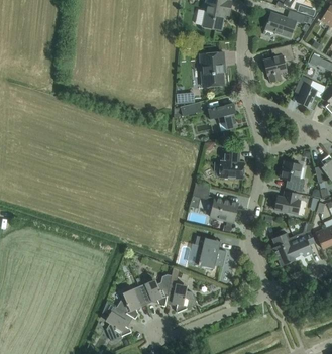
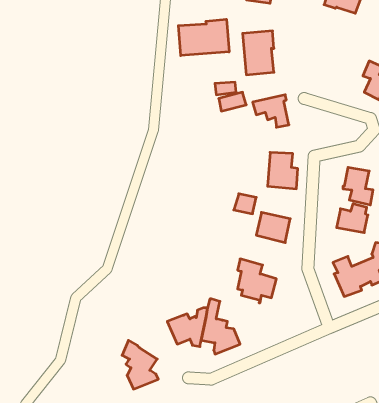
building: none -> [178,19,229,56]
building: [262,44,294,82] -> none
building: [116,285,146,319] -> none

